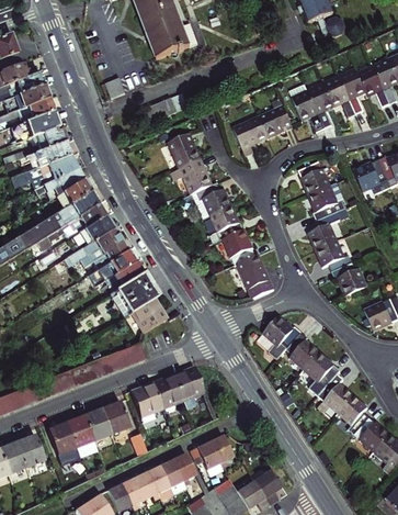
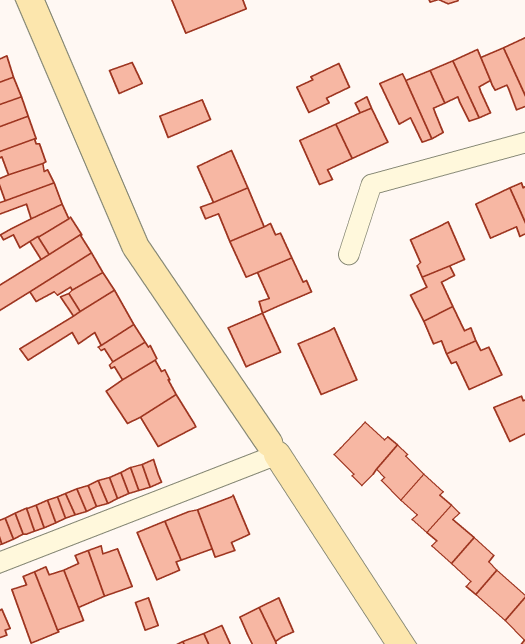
building: none -> [297,64,350,112]
building: [299,159,330,194] -> none
building: [221,229,257,266] -> [228,313,280,367]

